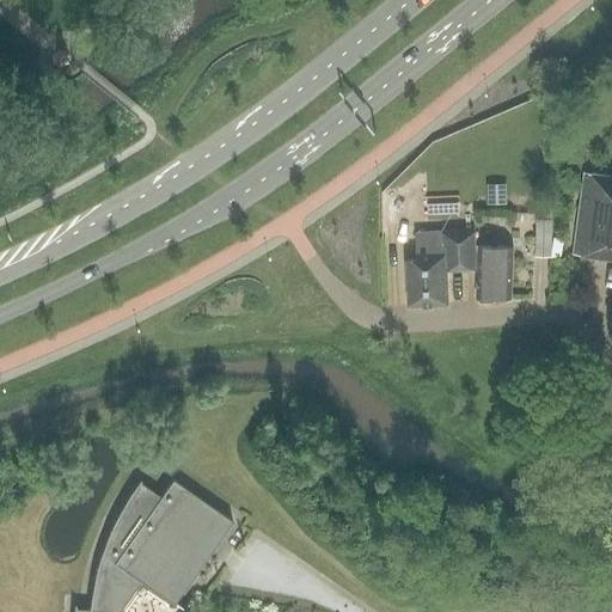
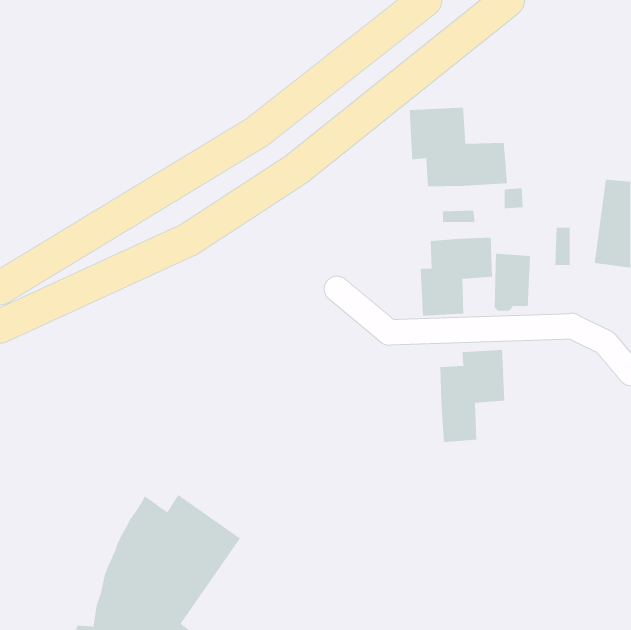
building: none -> [409,107,507,187]
building: none -> [440,349,505,443]

